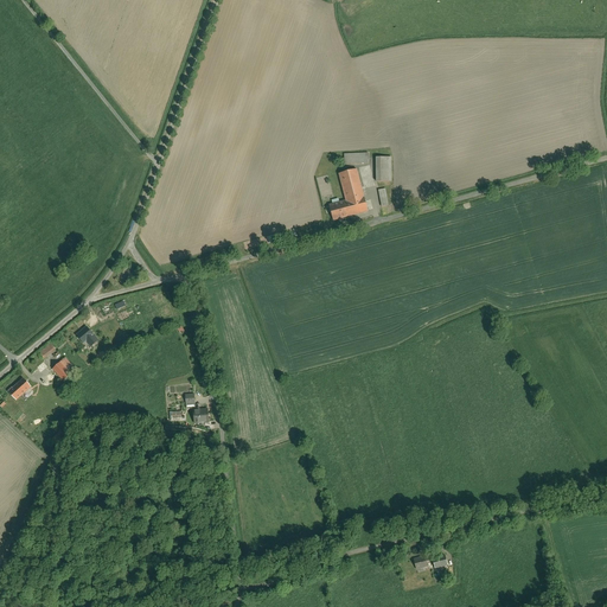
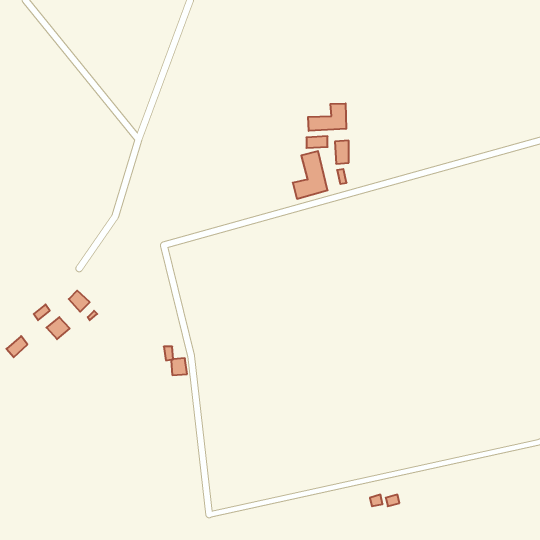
building: none -> [308,103,346,131]

